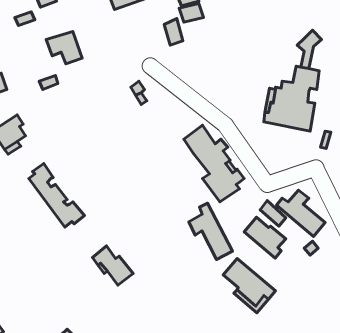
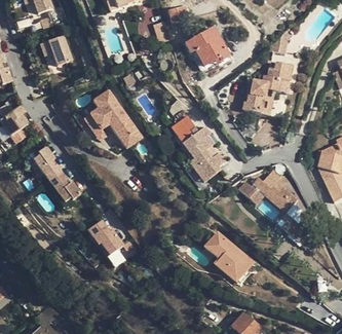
building: none -> [184,28,230,67]
building: none -> [82,86,143,147]
building: [189,203,233,259] -> none
building: [244,217,286,258] -> none

